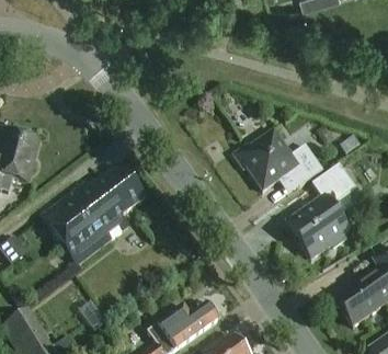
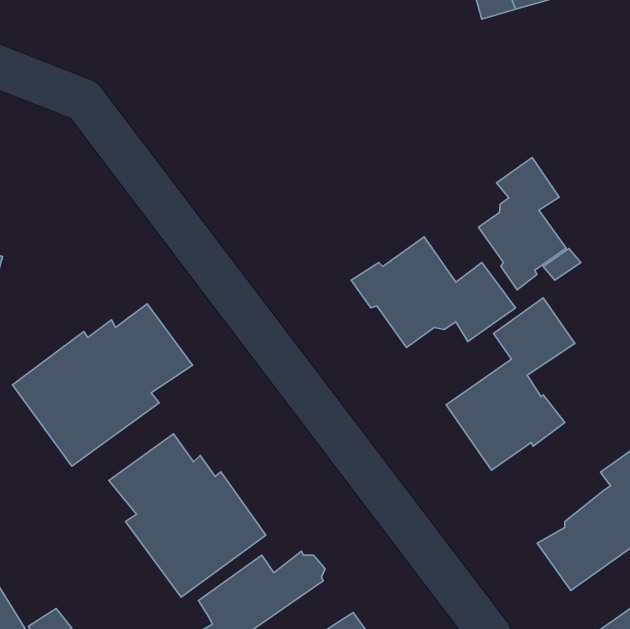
building: none -> [479,157,566,290]
building: none -> [109,434,266,597]

